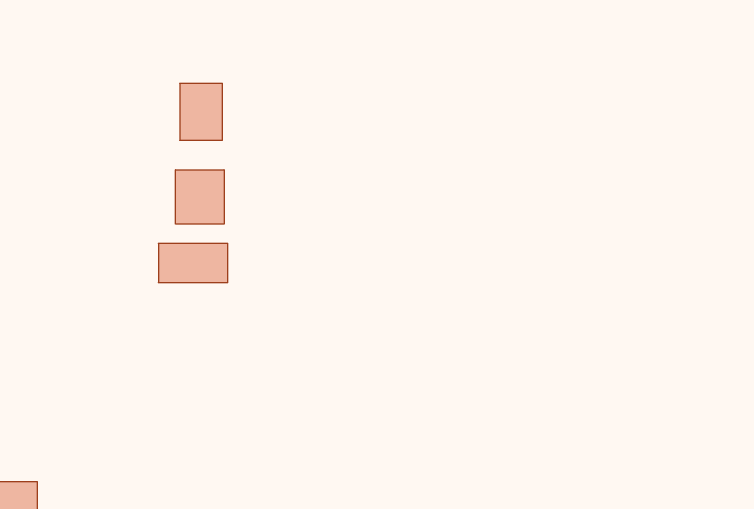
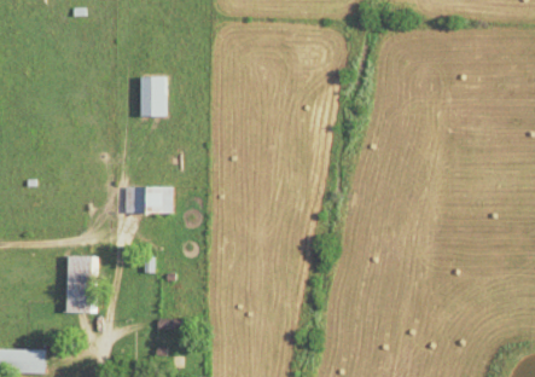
building: [176,170,224,224] -> none
building: none -> [65,255,98,312]

